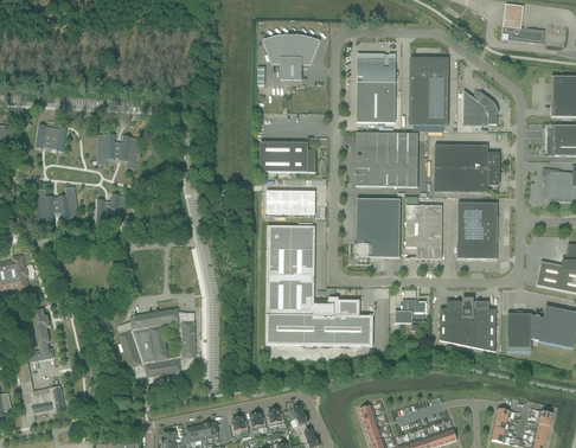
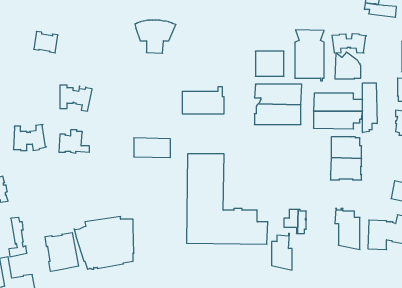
building: [264,36,319,79] -> [135,20,176,53]
building: [357,55,396,89] -> none
building: none -> [332,34,366,53]
building: [36,123,68,152] -> [34,31,58,53]
building: none -> [363,83,377,133]
building: [267,190,315,216] -> [134,138,170,158]
building: [353,198,399,260] -> none
building: [405,205,442,258] -> none
building: [440,297,467,346] -> [272,233,292,270]
building: none -> [45,233,78,271]

